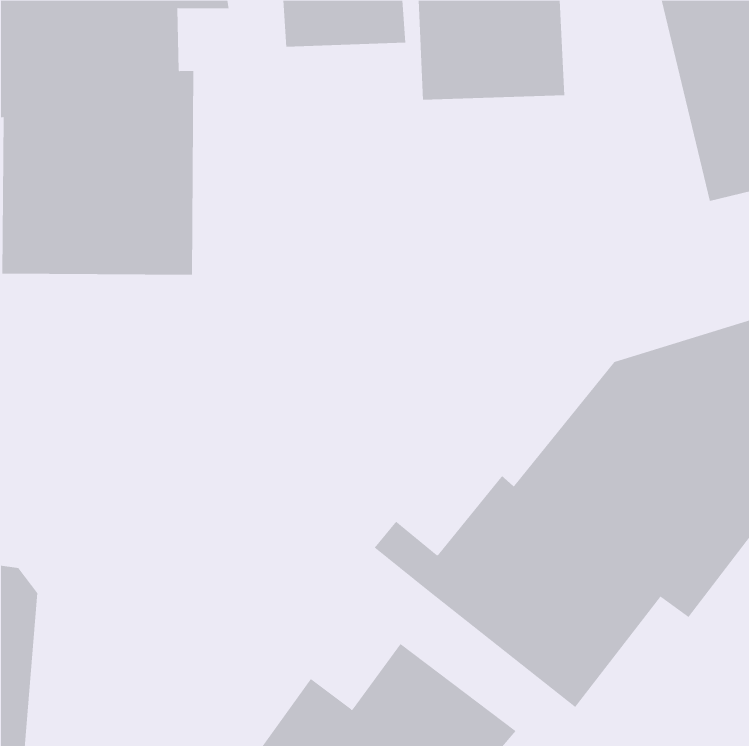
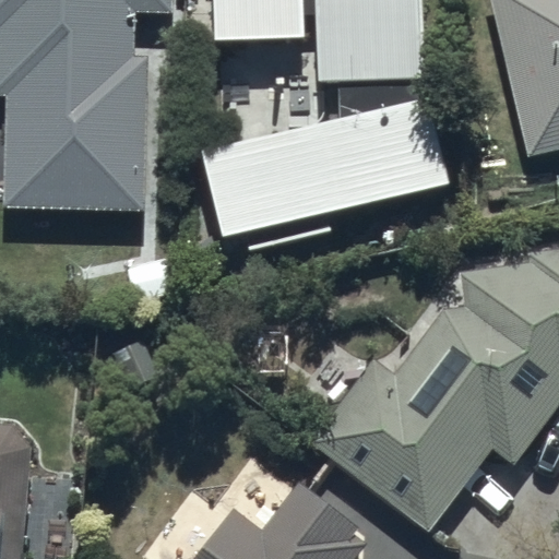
building: none -> [199,95,449,249]

